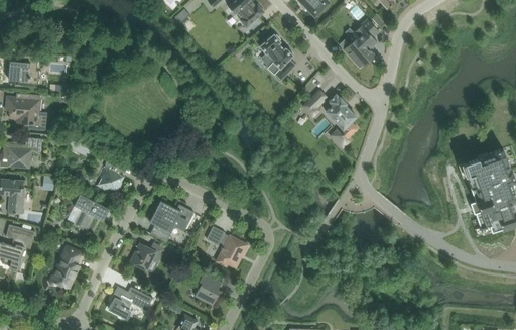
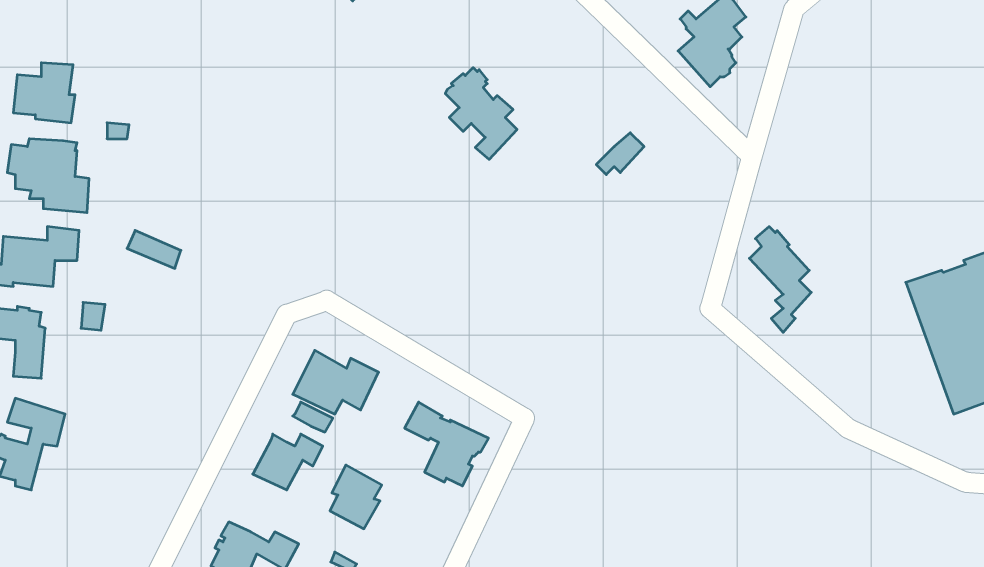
building: [259,33,295,80] -> [445,68,517,159]
building: [326,95,357,148] -> [749,227,811,332]
building: [95,161,124,196] -> none
building: [73,194,108,232] -> none
building: [49,245,82,288] -> none
building: [195,272,221,305] -> [330,465,382,529]

